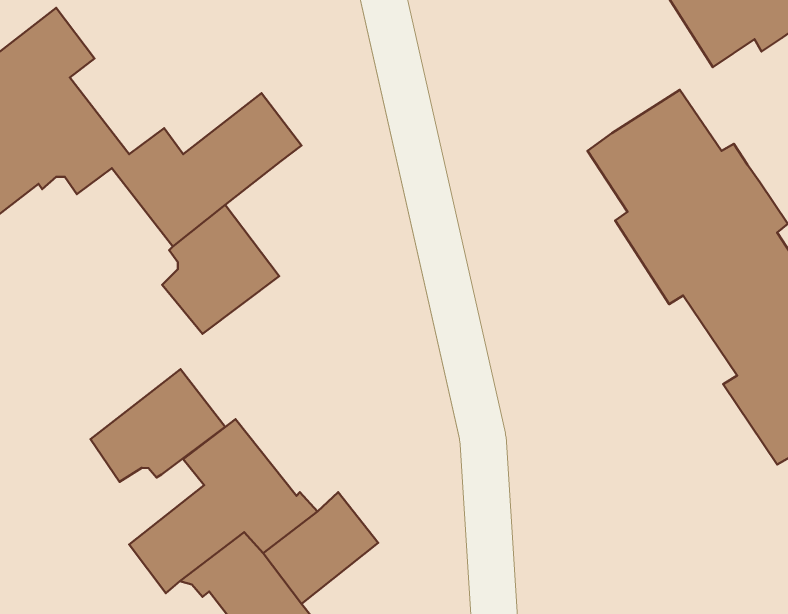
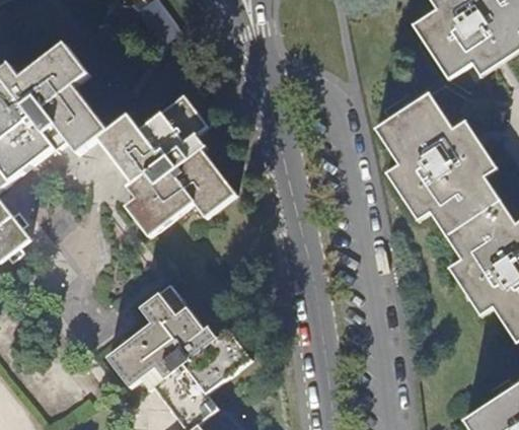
building: none -> [163,134,236,215]
building: [91,369,225,482] -> none

